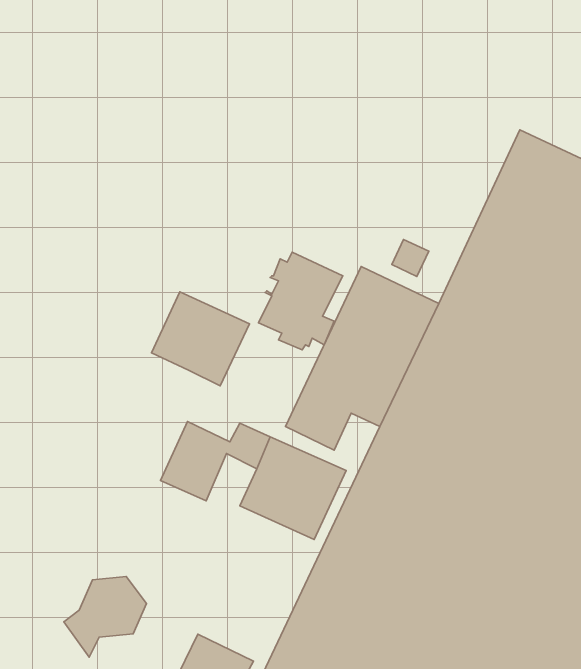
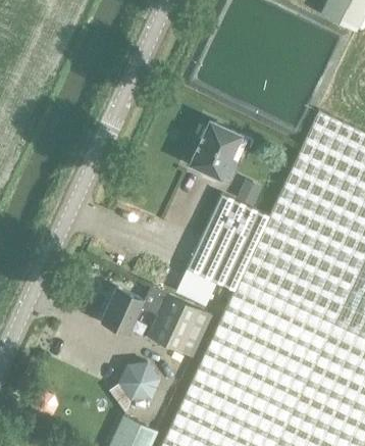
building: [258,252,343,350] -> [191,121,242,181]
building: [151,292,250,386] -> none
building: [64,576,147,657] -> [111,363,161,412]

